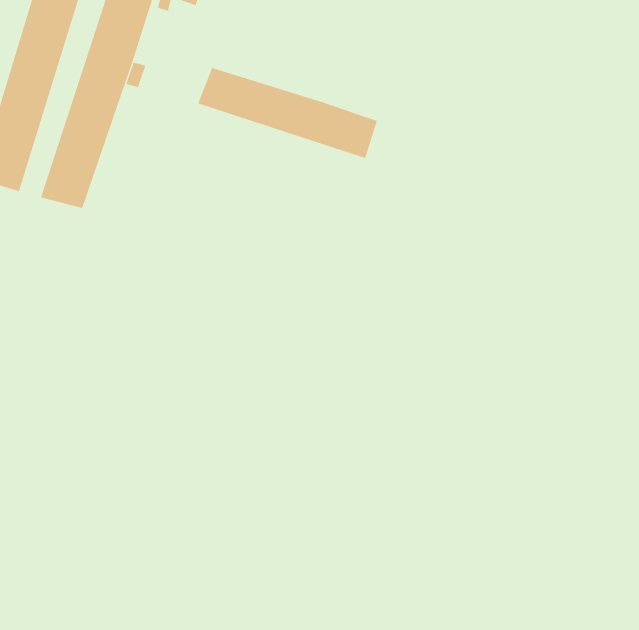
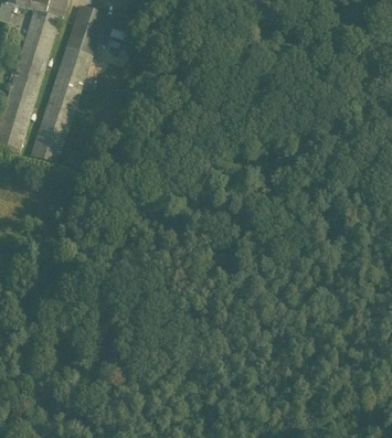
building: [198,67,377,159] -> none

